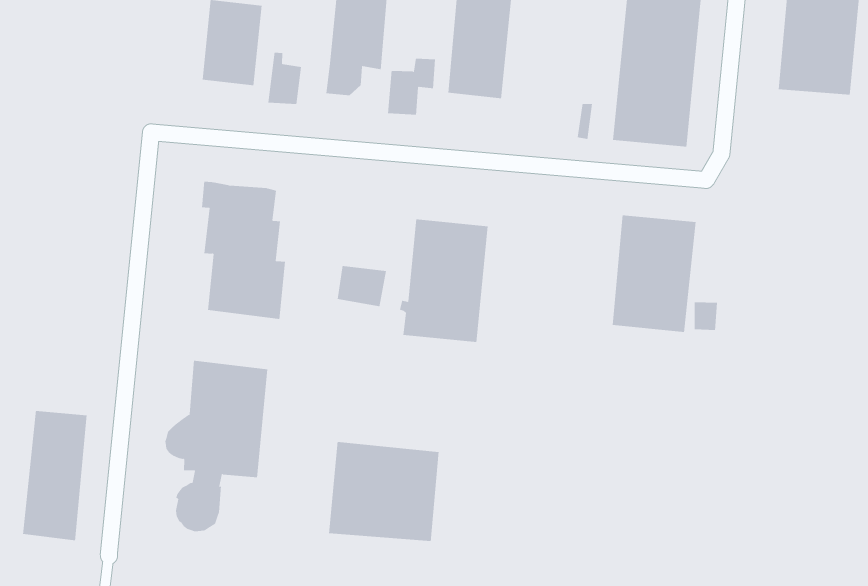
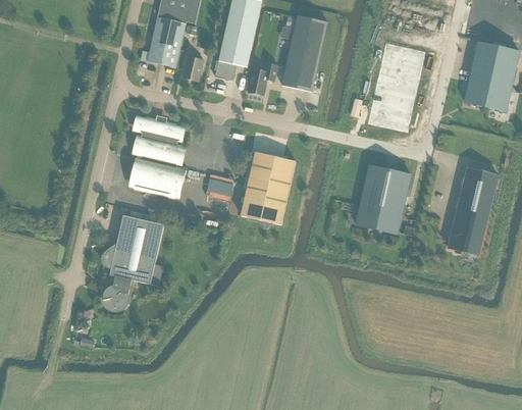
building: none -> [448,166,498,254]
building: [22,410,87,541] -> none
building: [328,441,439,542] -> none

